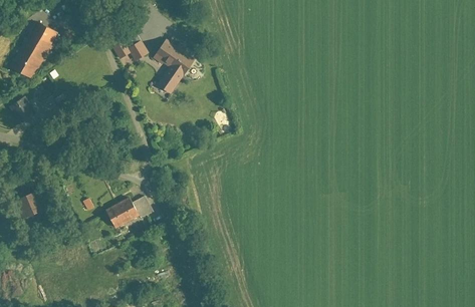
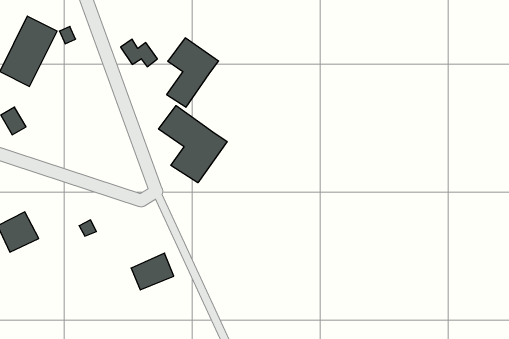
building: none -> [159,106,227,183]
building: [105,195,143,227] -> [131,253,174,290]

